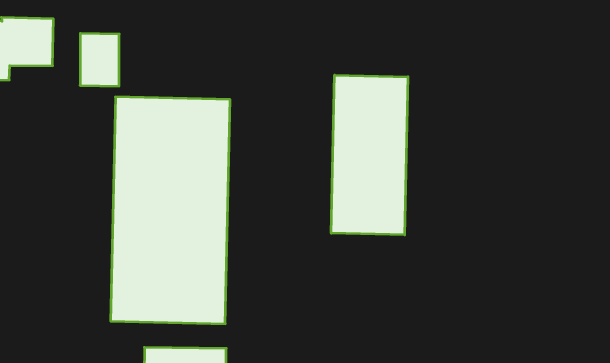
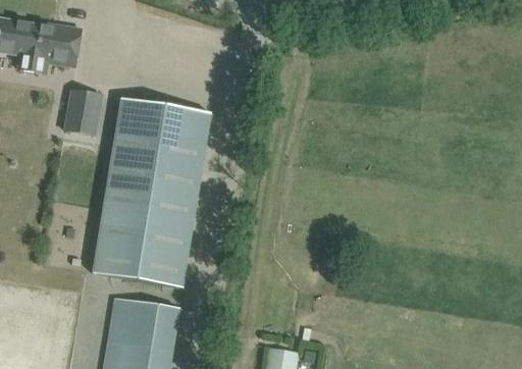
building: [80,33,119,86] -> [65,89,102,135]
building: [331,75,408,235] -> none

